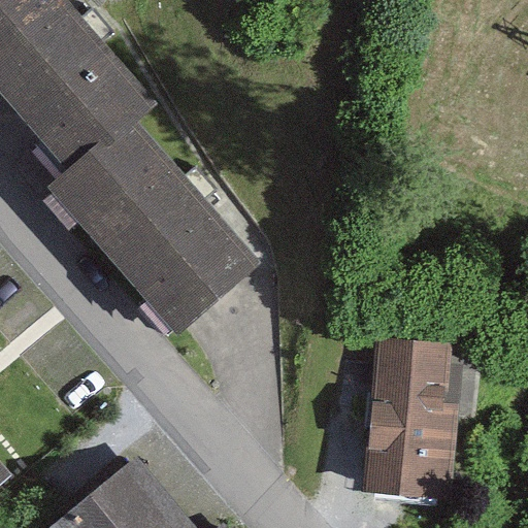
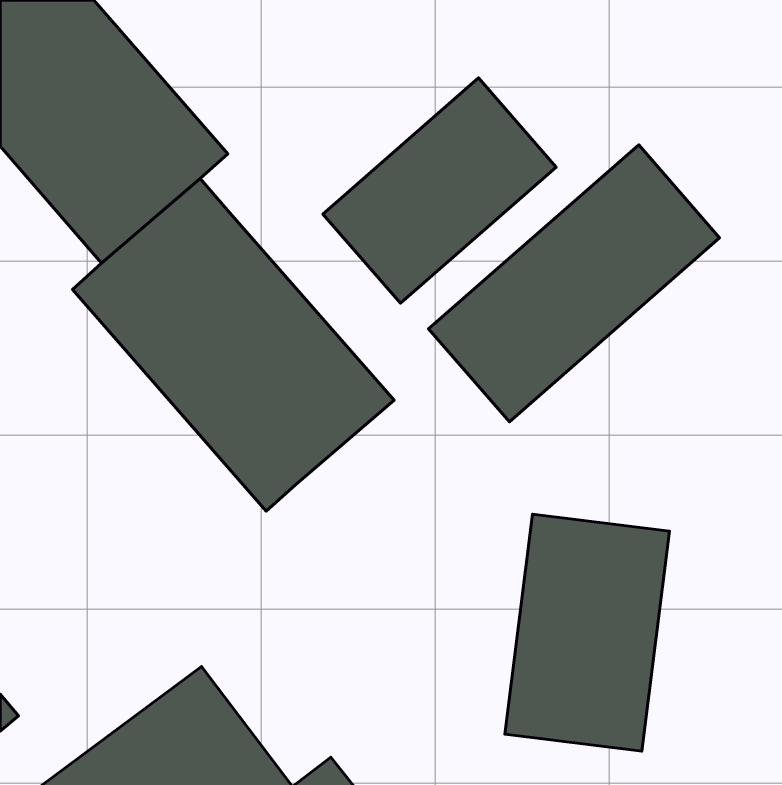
building: none -> [323,78,556,303]
building: none -> [429,145,720,422]

